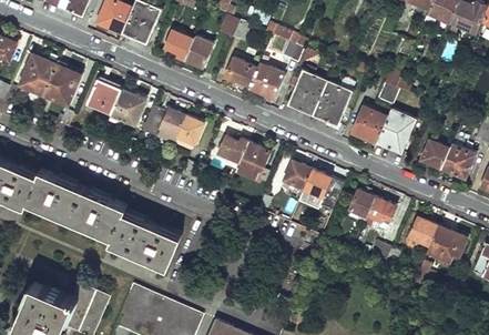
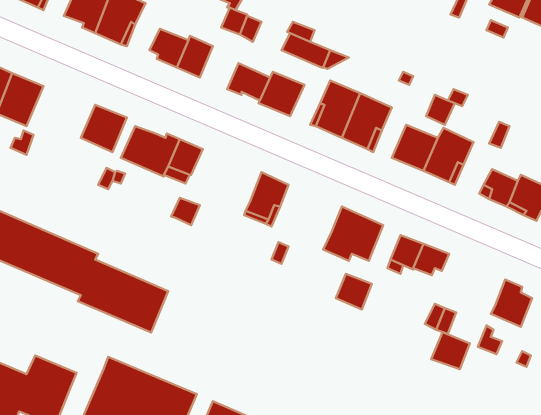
building: [86,79,122,116] -> none
building: [218,134,251,164] -> none
building: [285,160,313,187] -> [336,274,372,310]
building: [409,215,439,244] -> [431,332,470,369]

